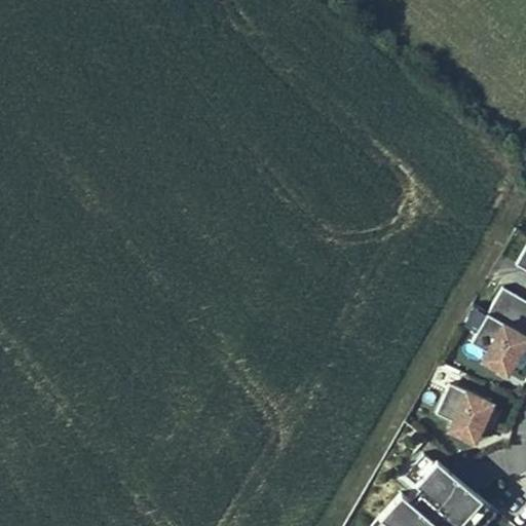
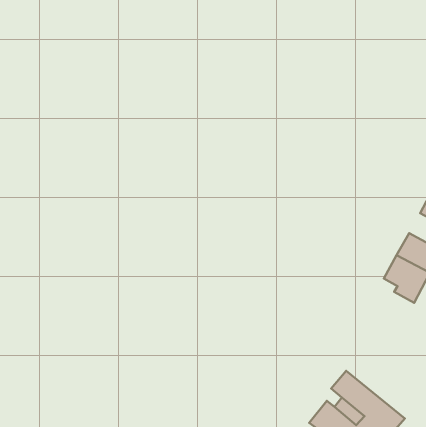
building: [440,388,495,445] -> none

